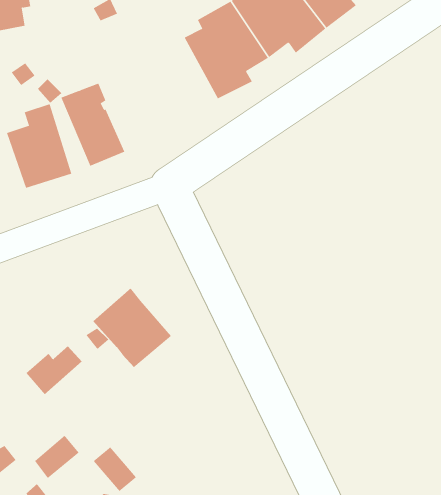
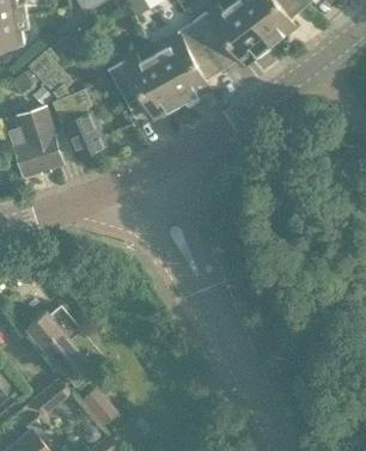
building: none -> [29,49,71,97]
building: none -> [106,54,181,120]
building: [93,287,172,368] -> [39,318,104,384]

